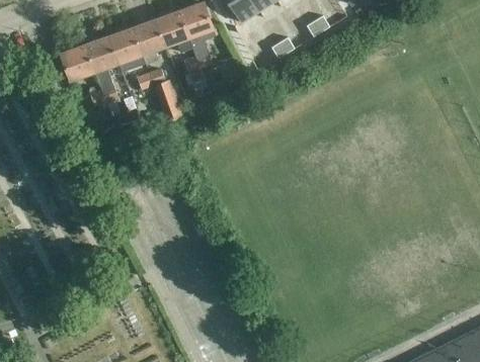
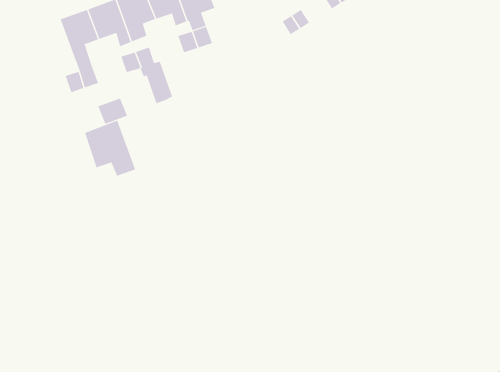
building: [61,46,94,80] -> none
building: none -> [84,120,136,177]

